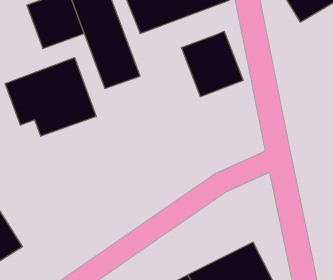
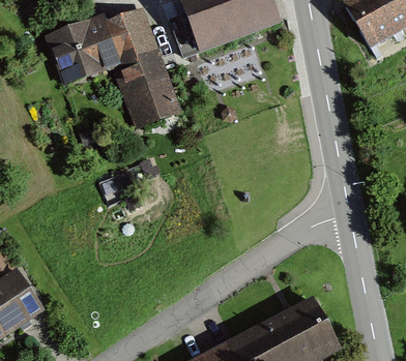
building: [182,31,243,97] -> none
building: [5,58,96,136] -> none

